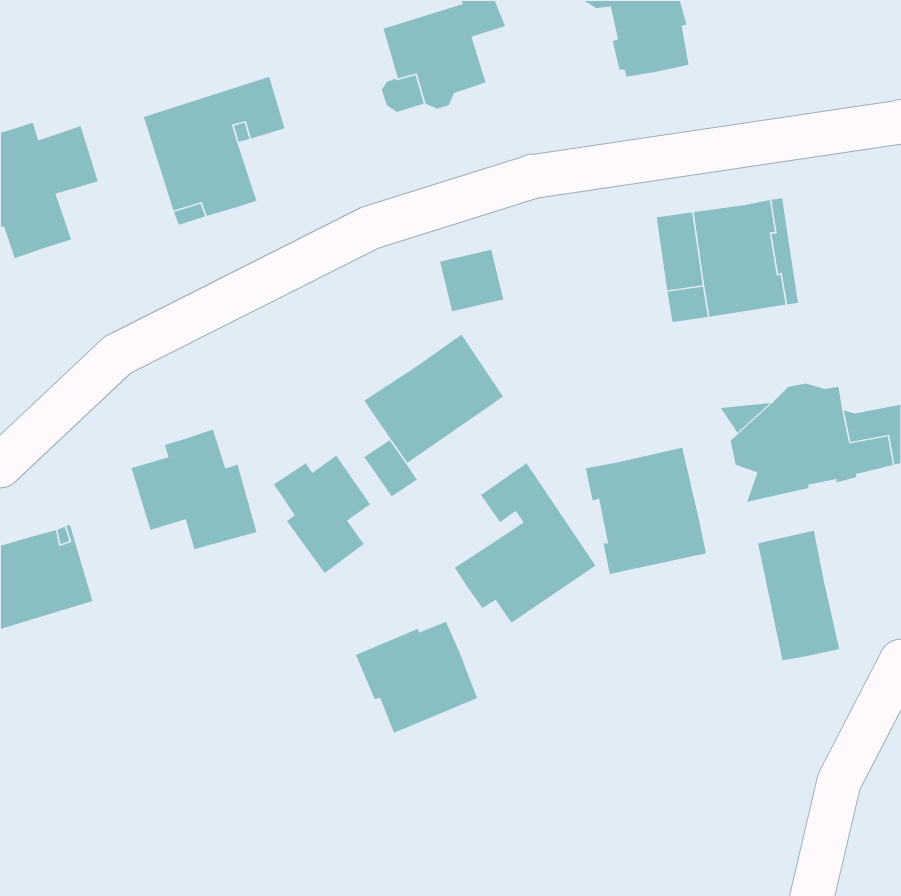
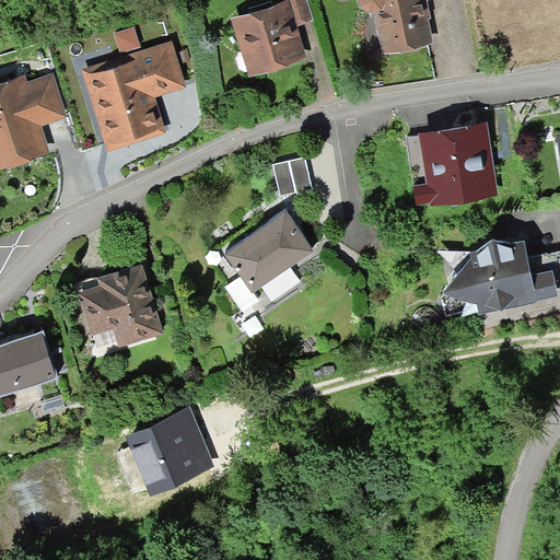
building: [585,447,707,575] -> none
building: [273,454,371,574] -> none
building: [454,462,596,624] -> none
building: [757,530,840,661] -> none
building: [355,621,478,734] -> [131,416,208,486]

